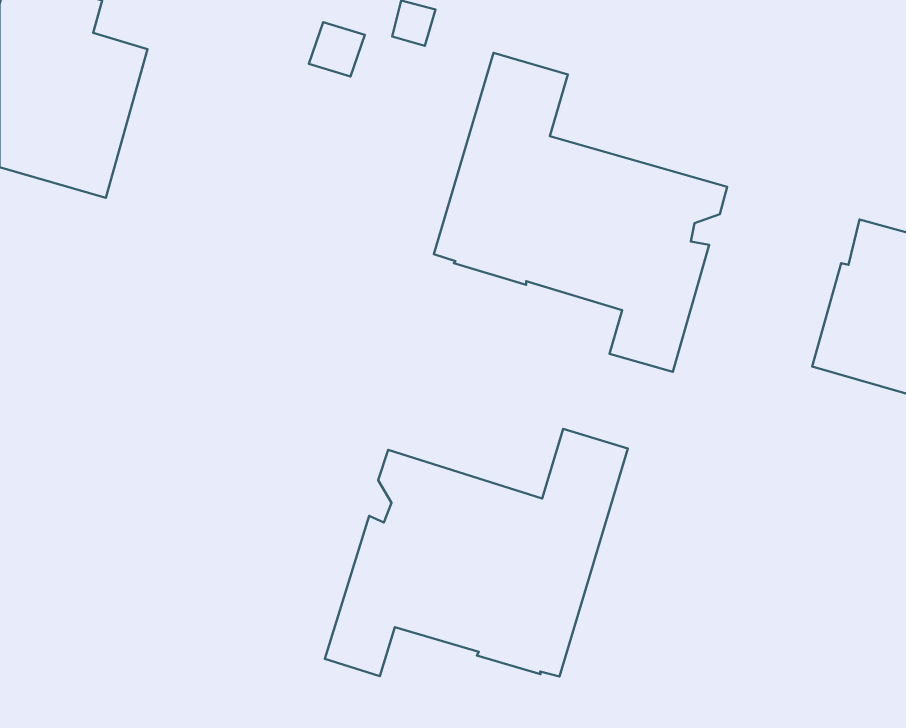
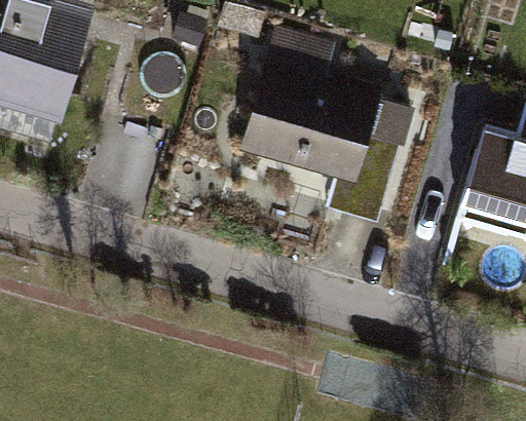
building: [325,429,628,676] -> none

